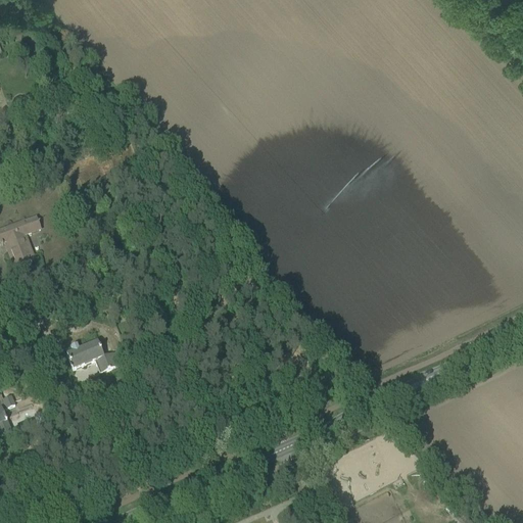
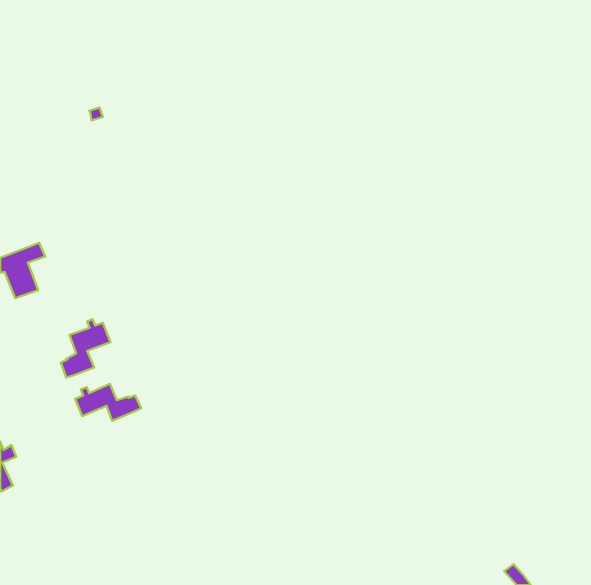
building: none -> [61,319,111,377]

